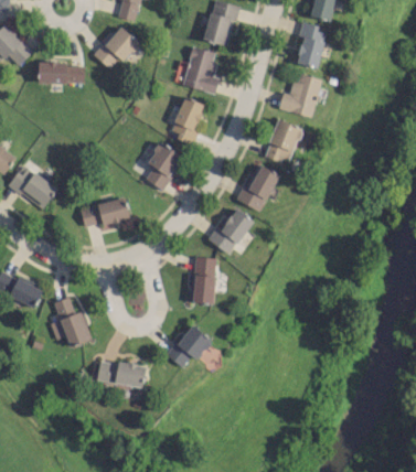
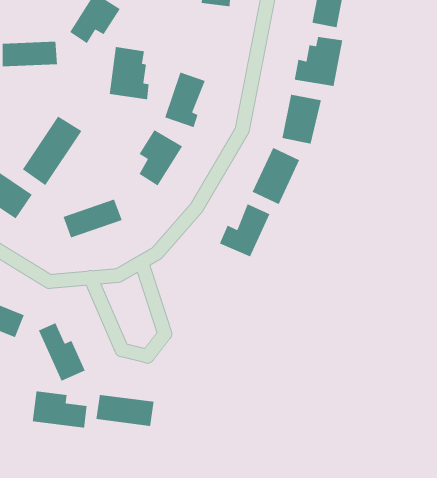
building: [183,46,217,93] -> [109,46,150,100]
building: none -> [22,115,83,186]
building: [193,257,215,303] -> none
building: [167,324,212,367] -> none
building: none -> [32,391,88,429]

